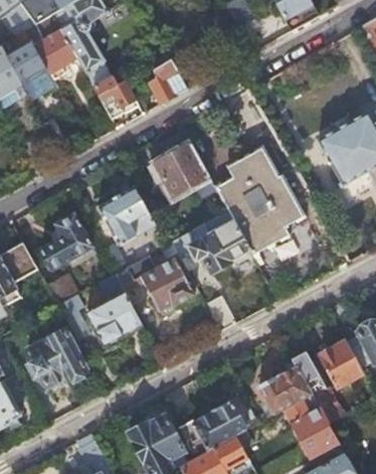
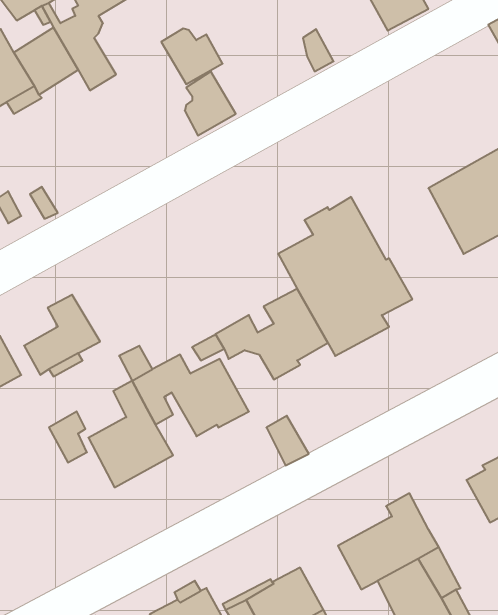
building: [93,76,136,115] -> [161,29,223,84]
building: [157,143,213,195] -> none
building: [99,187,156,245] -> none
building: [28,330,85,386] -> none
building: [318,341,362,387] -> none

